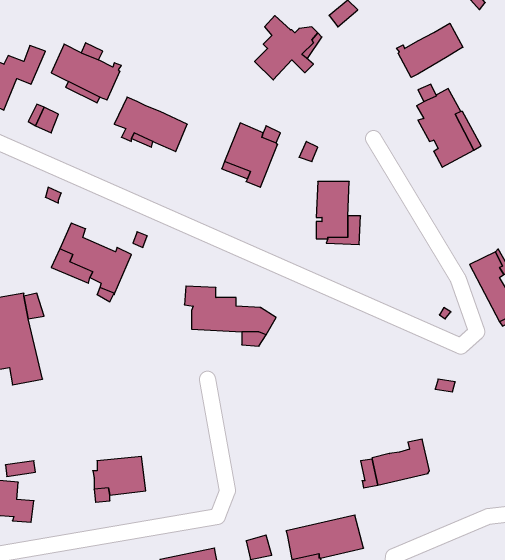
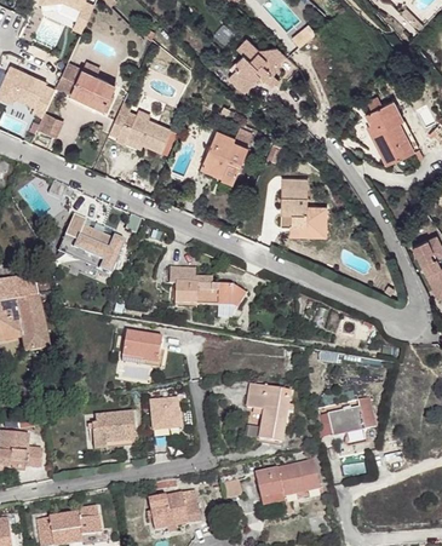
building: [397,23,463,77] -> none
building: none -> [124,331,162,363]
building: none -> [247,383,292,442]
building: none -> [150,397,180,430]

